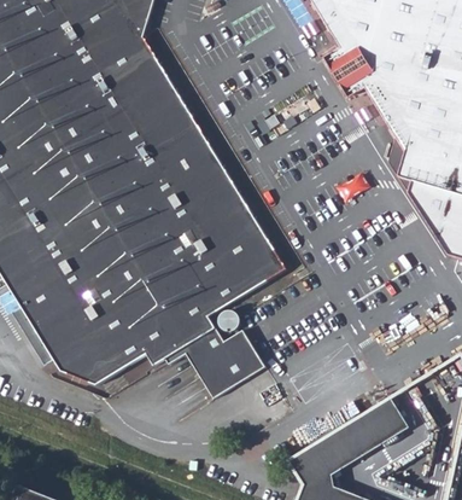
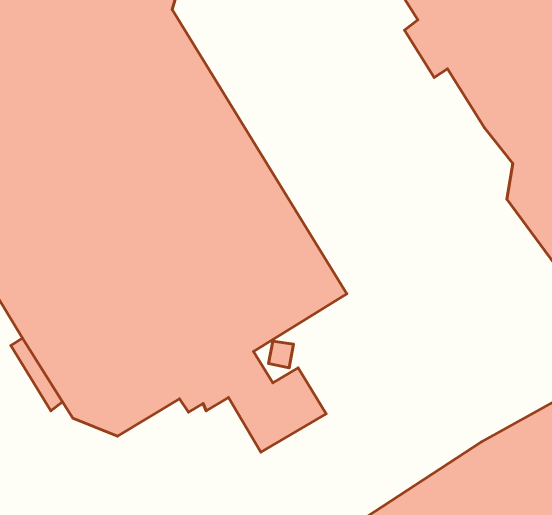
building: [393,134,420,192] -> none

